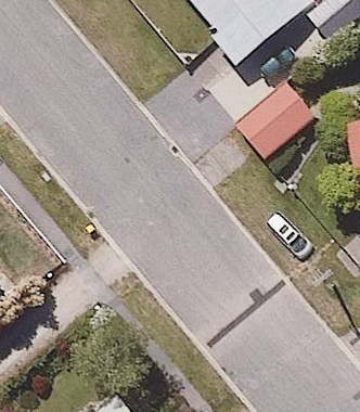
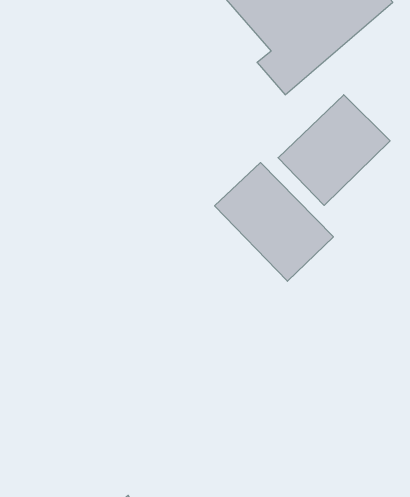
building: none -> [215,163,333,281]

